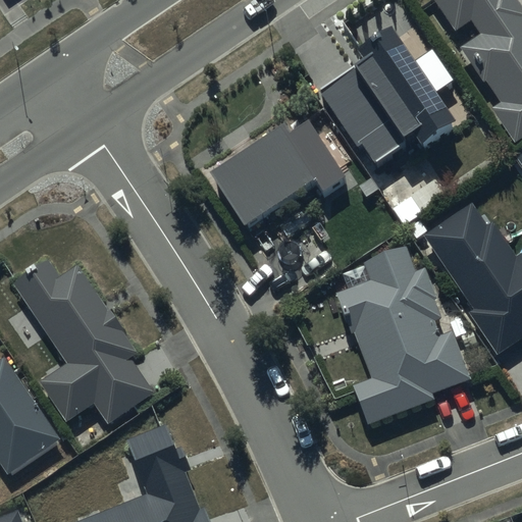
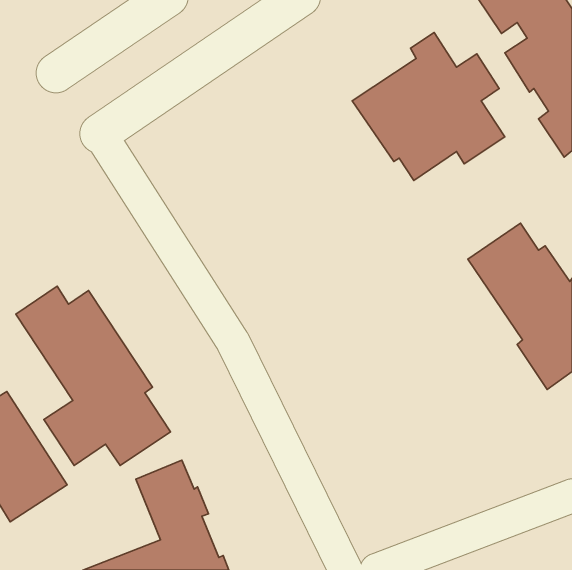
building: [211,125,320,226] -> none
building: [336,245,472,424] -> none

